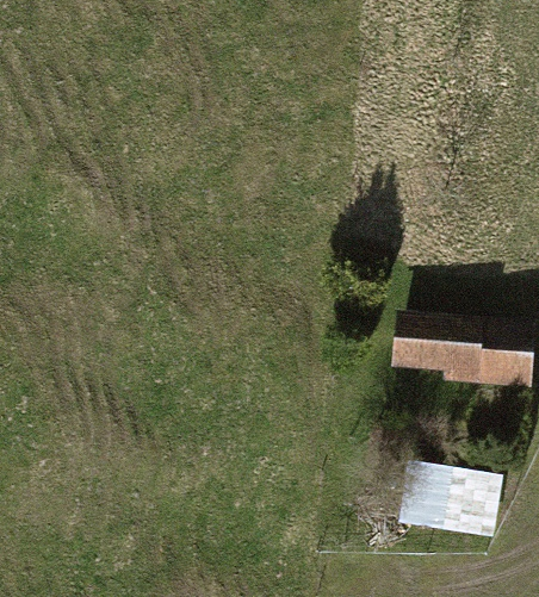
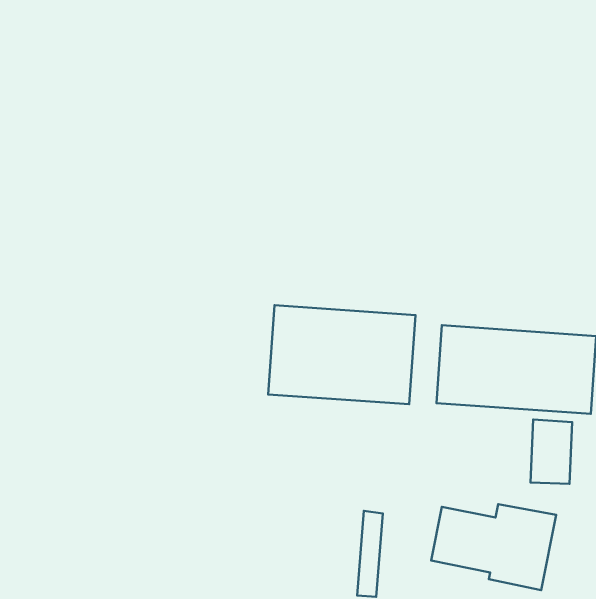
building: none -> [268,305,415,404]

